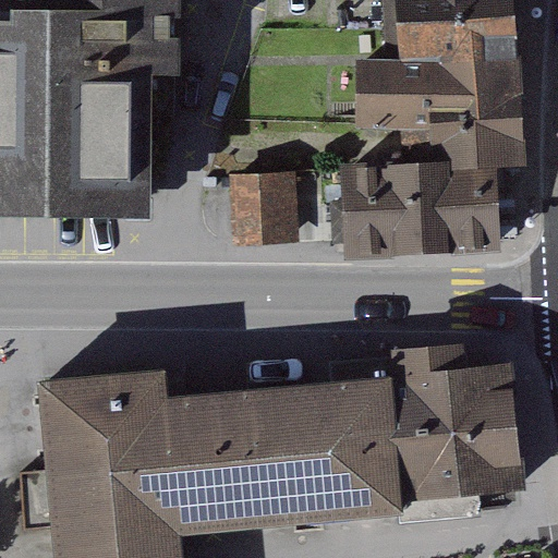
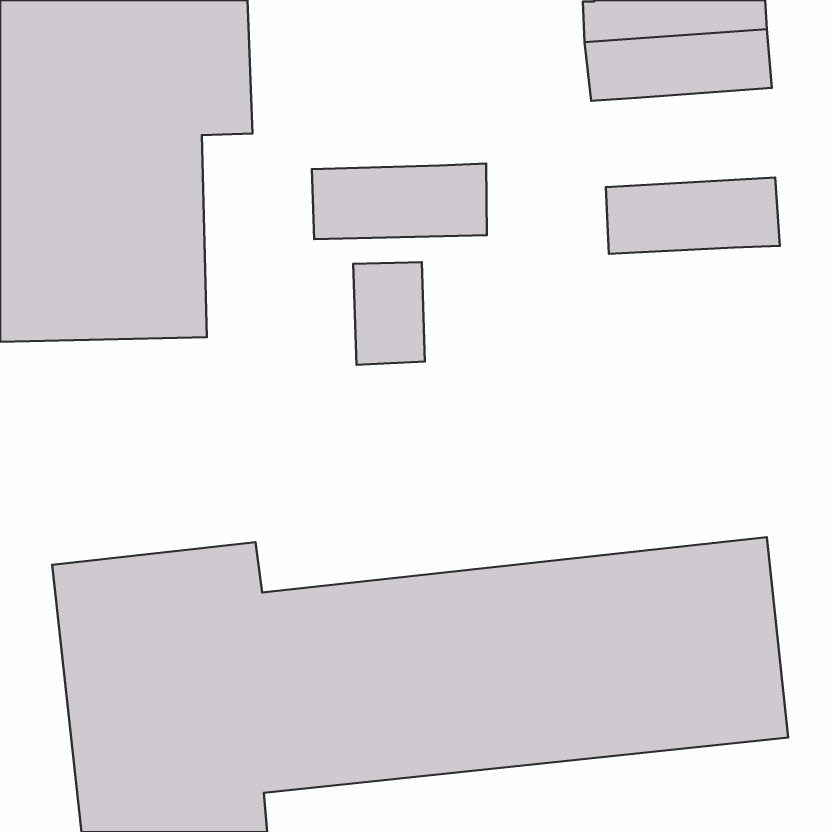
building: [361,59,519,125] -> none
building: none -> [312,163,487,239]
building: [347,166,495,253] -> none

